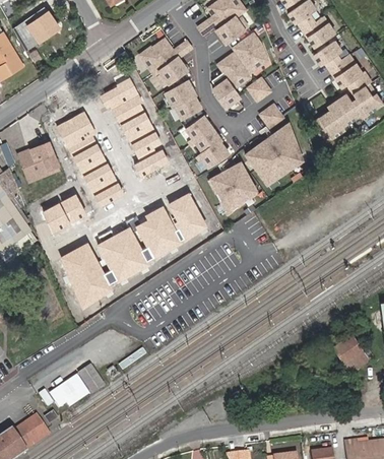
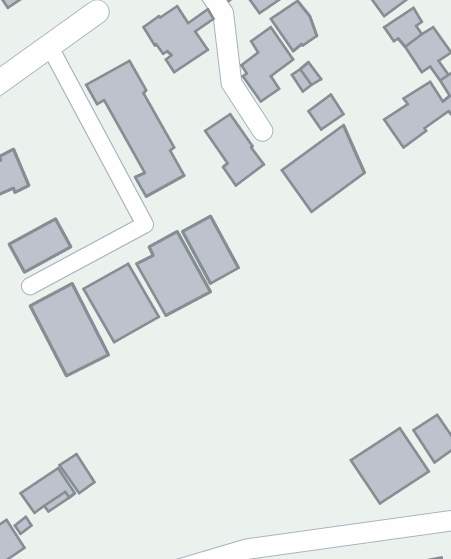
building: [163,82,199,119] -> none
building: [56,110,124,205] -> none
building: [206,162,255,214] -> none
building: none -> [351,428,429,503]

